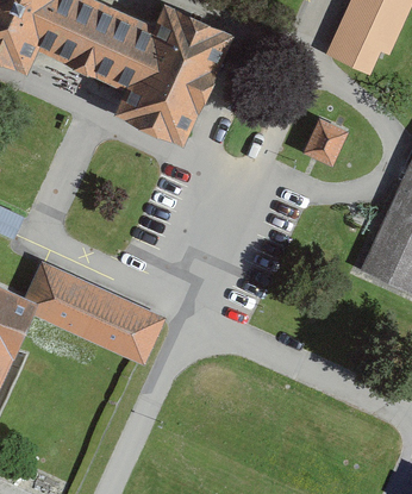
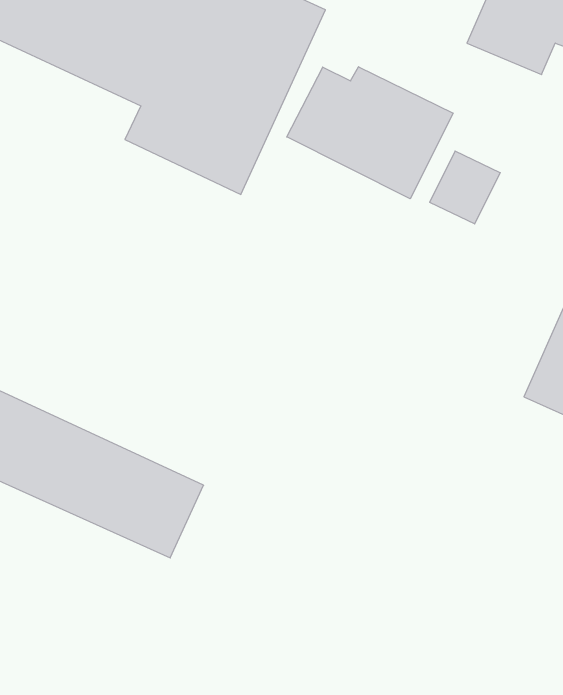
building: none -> [287,67,453,199]

